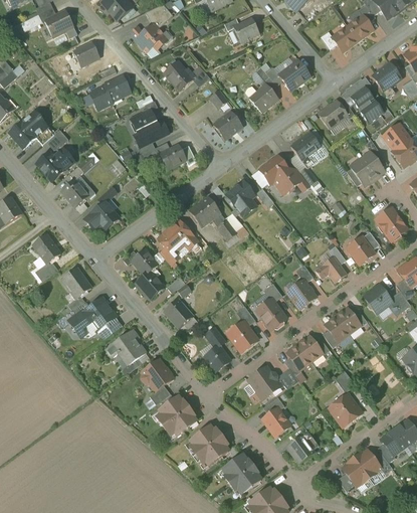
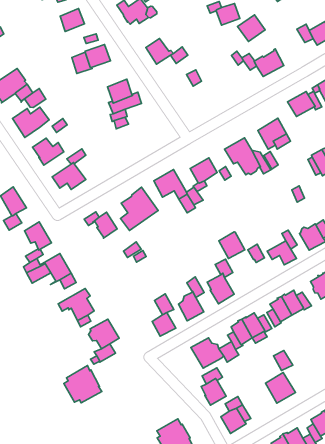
building: [249,82,278,111] -> [238,15,265,41]
building: [214,112,242,139] -> none
building: [160,144,187,169] -> none
building: [137,271,164,298] -> none
building: [287,280,316,308] -> [219,232,245,259]
building: [164,299,193,328] -> none
building: [157,395,197,435] -> [64,366,102,403]
building: [190,425,228,465] -> none

